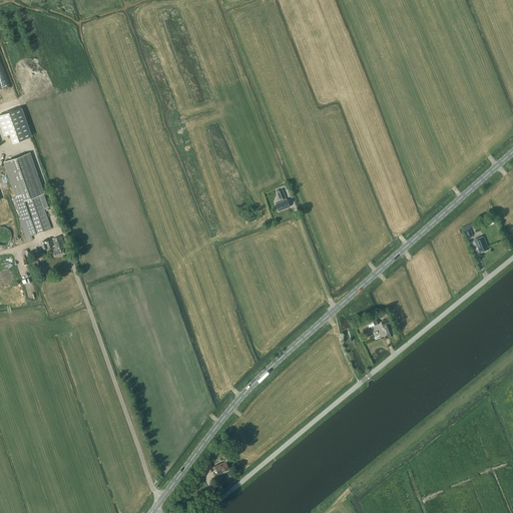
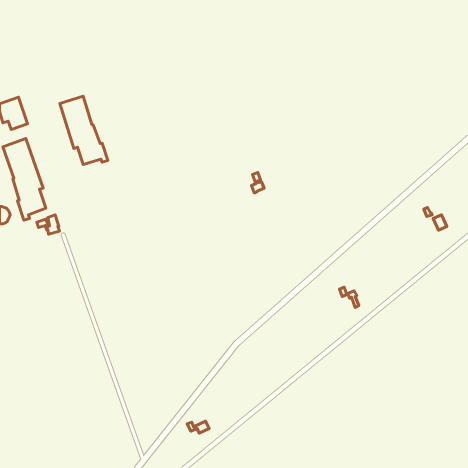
building: none -> [60,96,108,165]

